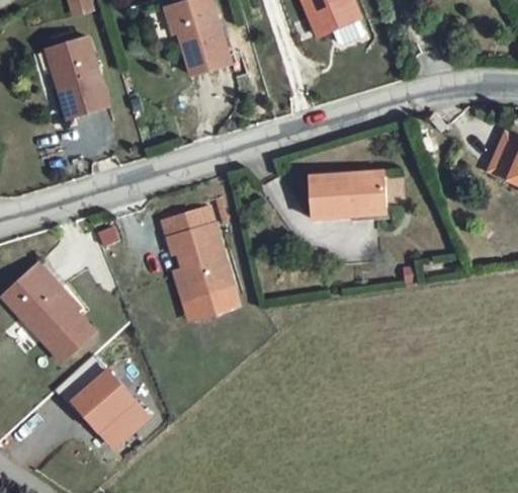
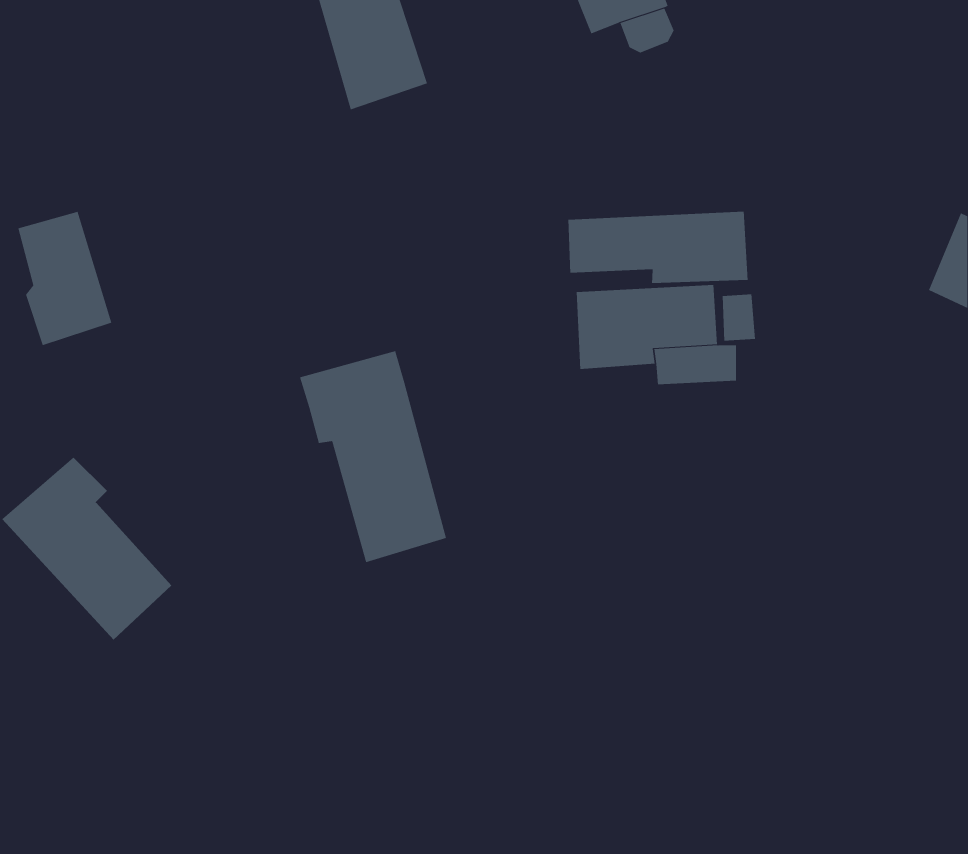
building: [52,44,102,115] -> [17,211,112,346]
building: none -> [568,211,748,284]
building: [55,353,149,445] -> none

